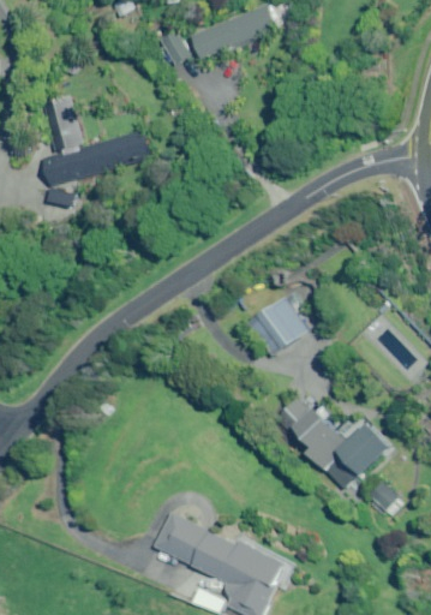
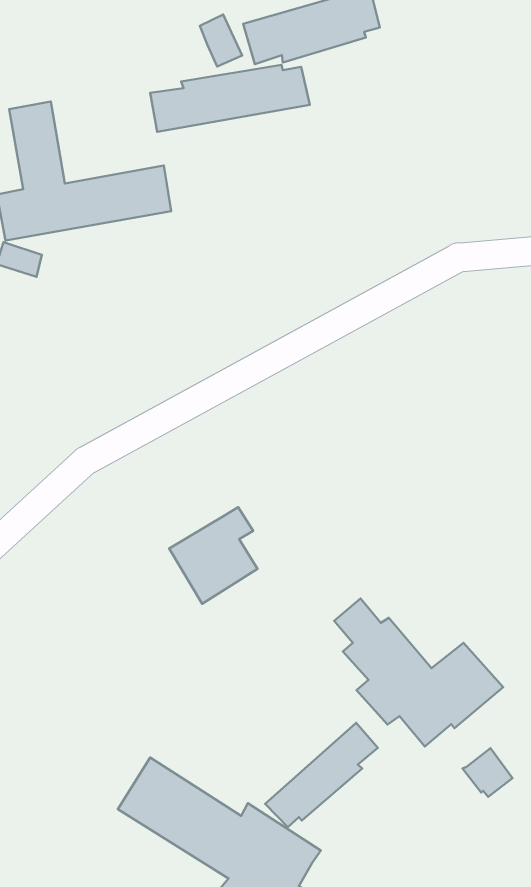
building: none -> [150,65,310,132]
building: [250,292,307,356] -> [169,507,257,604]
building: none -> [265,723,378,827]

